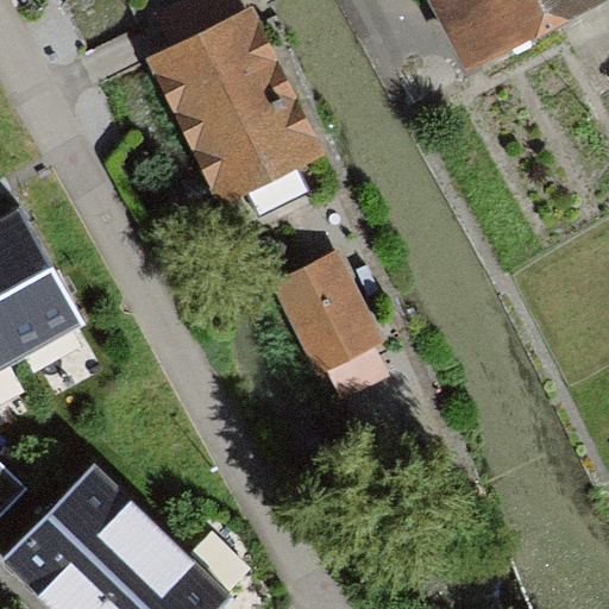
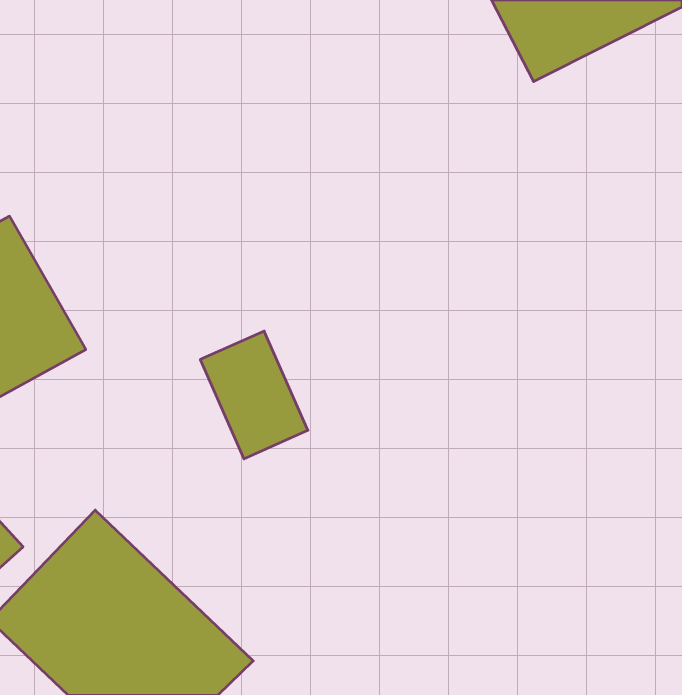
building: [153,25,316,205] -> none
building: [287,278,381,390] -> [200,331,308,459]

